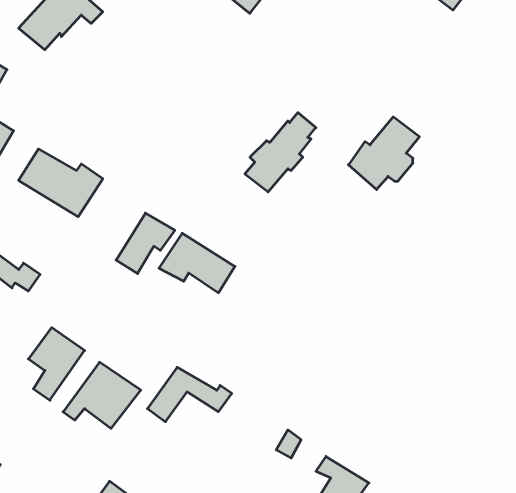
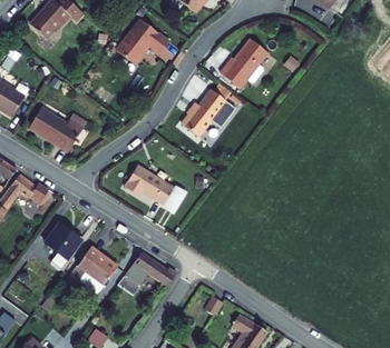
building: none -> [118,17,170,62]
building: [348,117,419,190] -> [223,38,271,87]
building: [116,213,175,274] -> none

